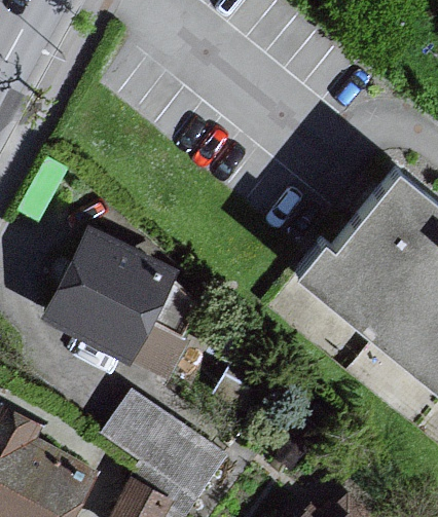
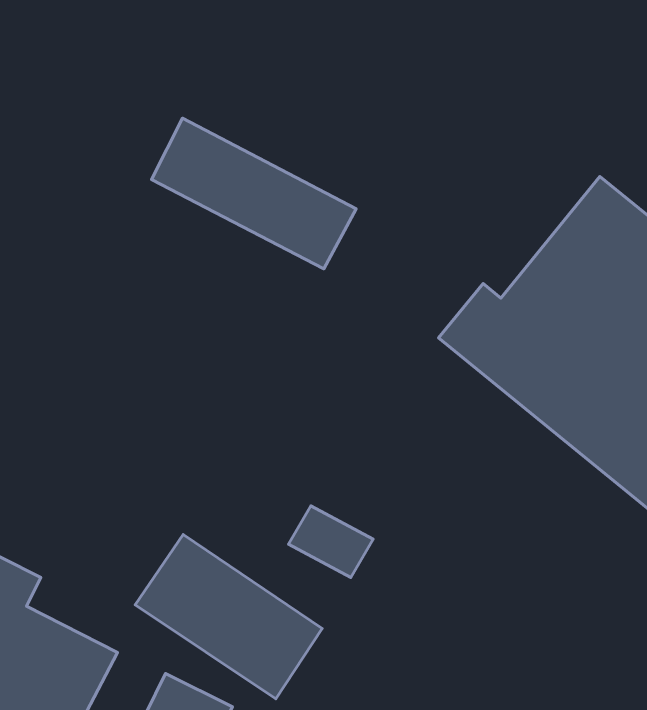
building: none -> [151,118,356,269]
building: [38,224,186,387] -> none

